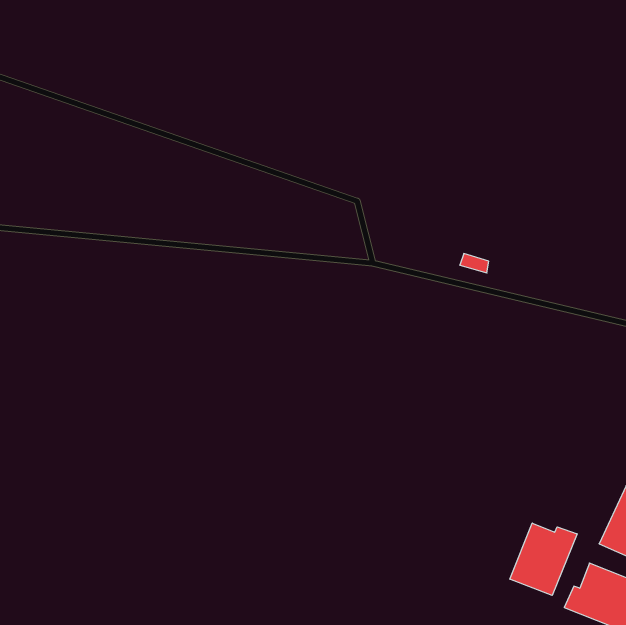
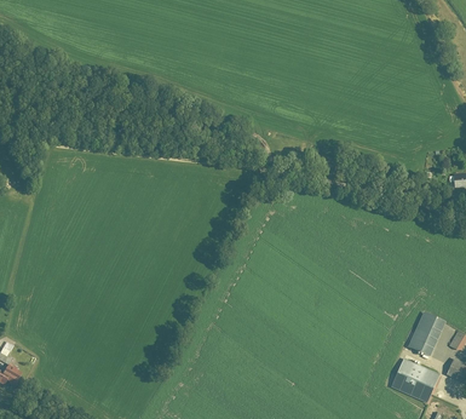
building: [510,523,577,595] -> none

